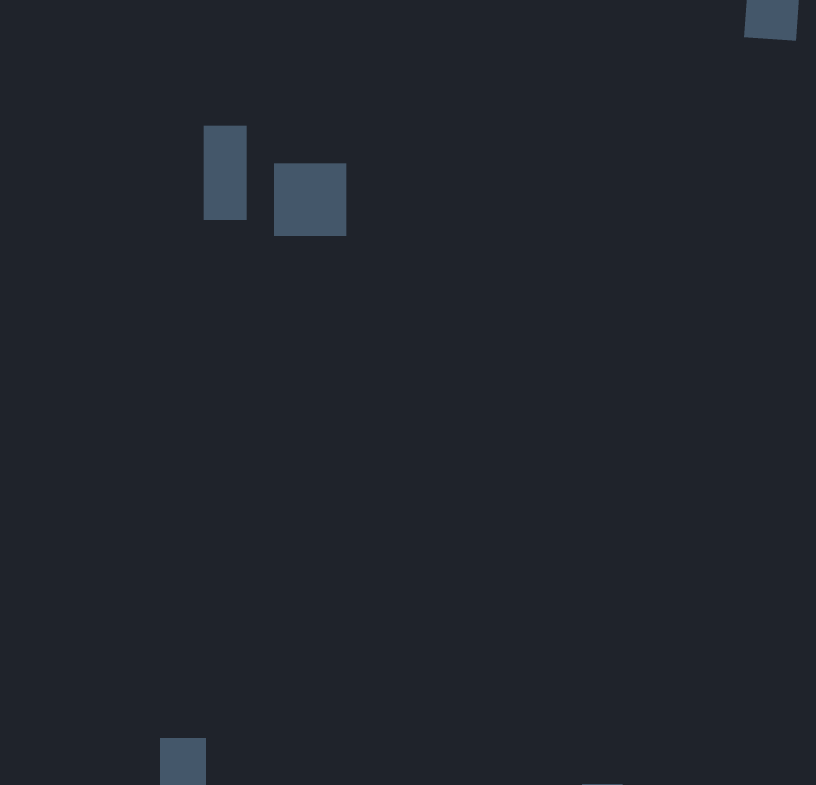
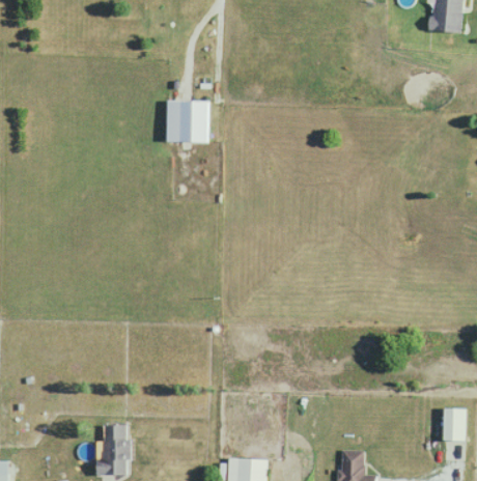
building: [203,125,247,221] -> none
building: none -> [444,408,466,442]

